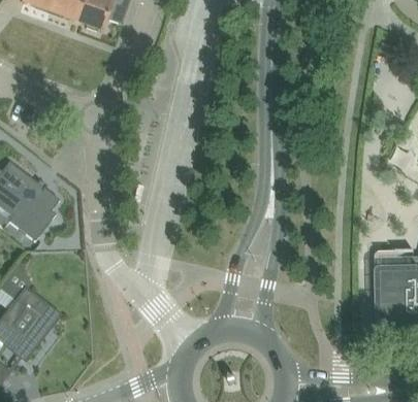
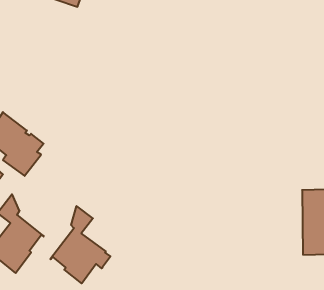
building: none -> [51,206,110,283]

